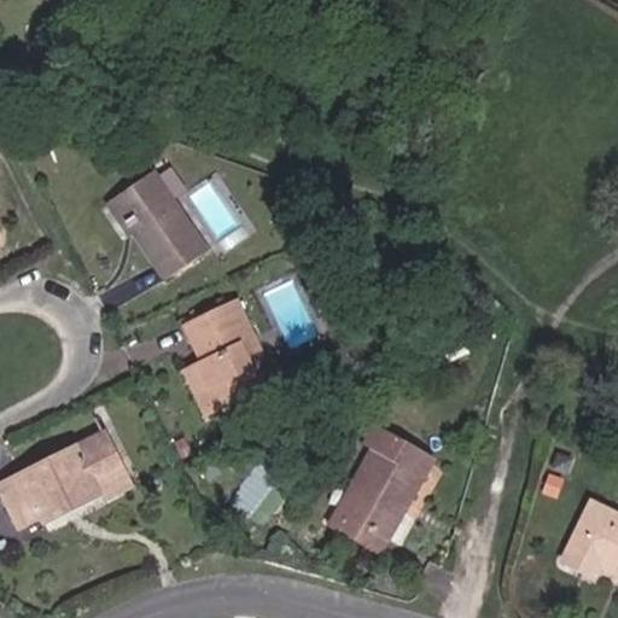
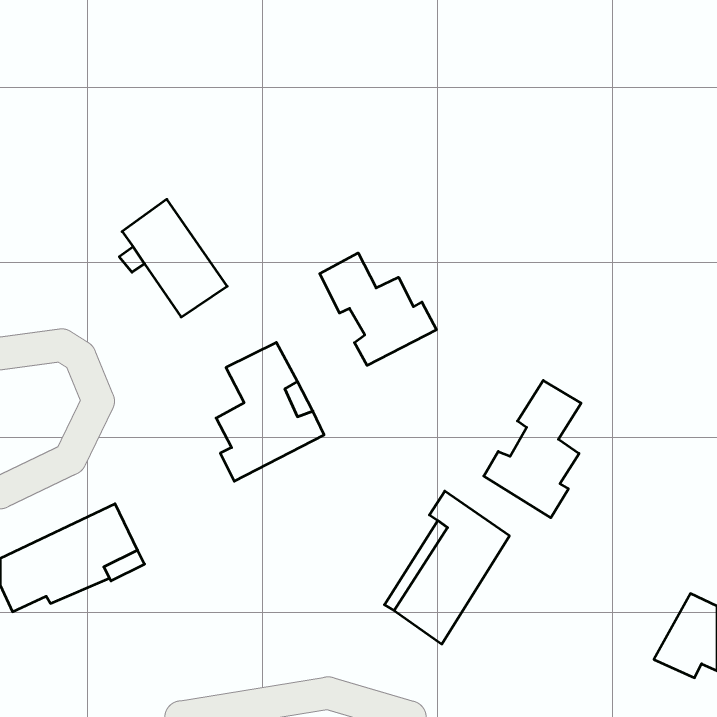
building: none -> [320,253,436,365]
building: none -> [484,380,581,518]

